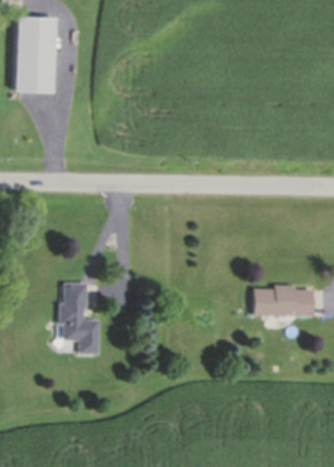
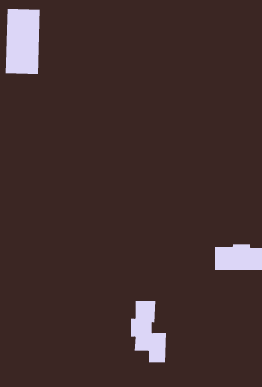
building: [57,283,99,355] -> [130,300,167,363]

